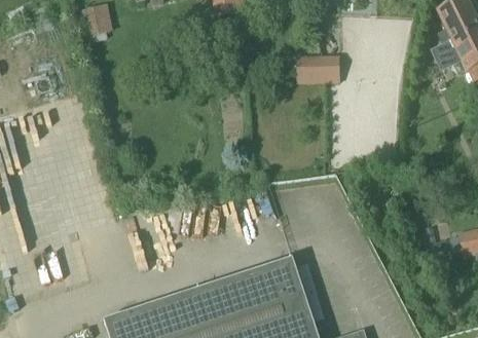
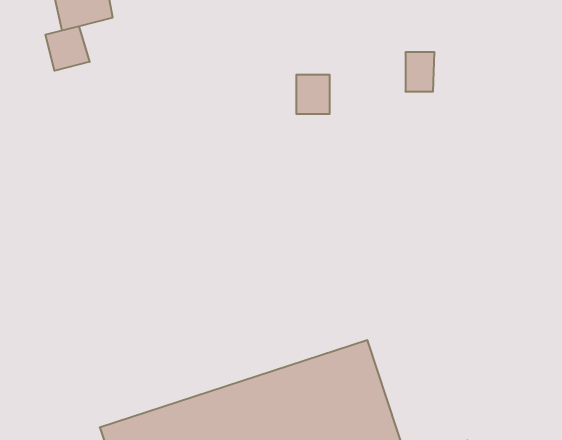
building: none -> [45,26,90,71]
building: [296,55,320,83] -> [296,75,330,114]

